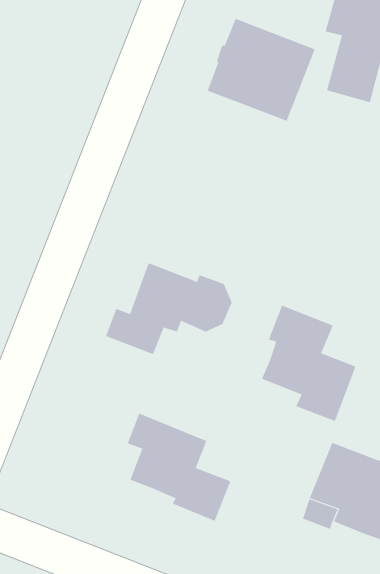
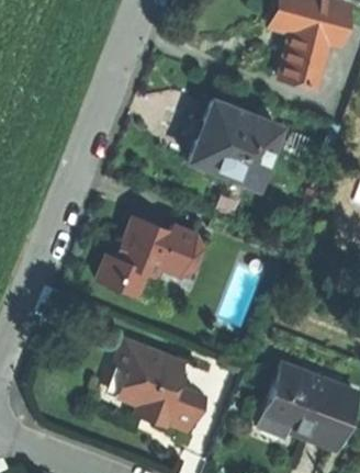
building: [207,18,315,122] -> [191,101,280,185]
building: [261,305,356,422] -> none

